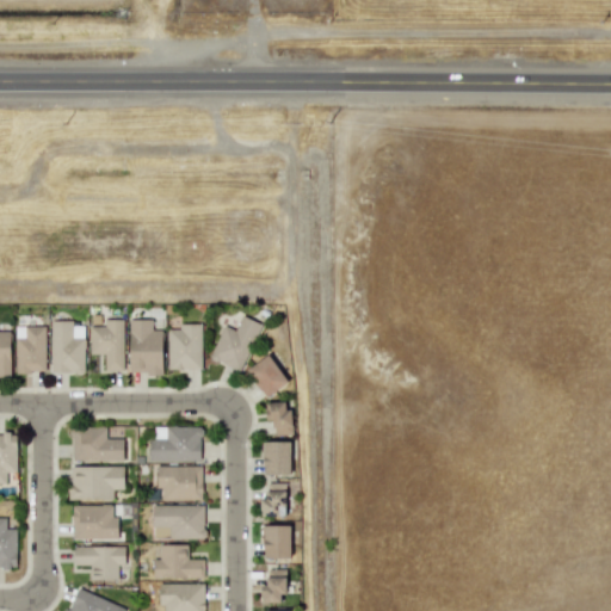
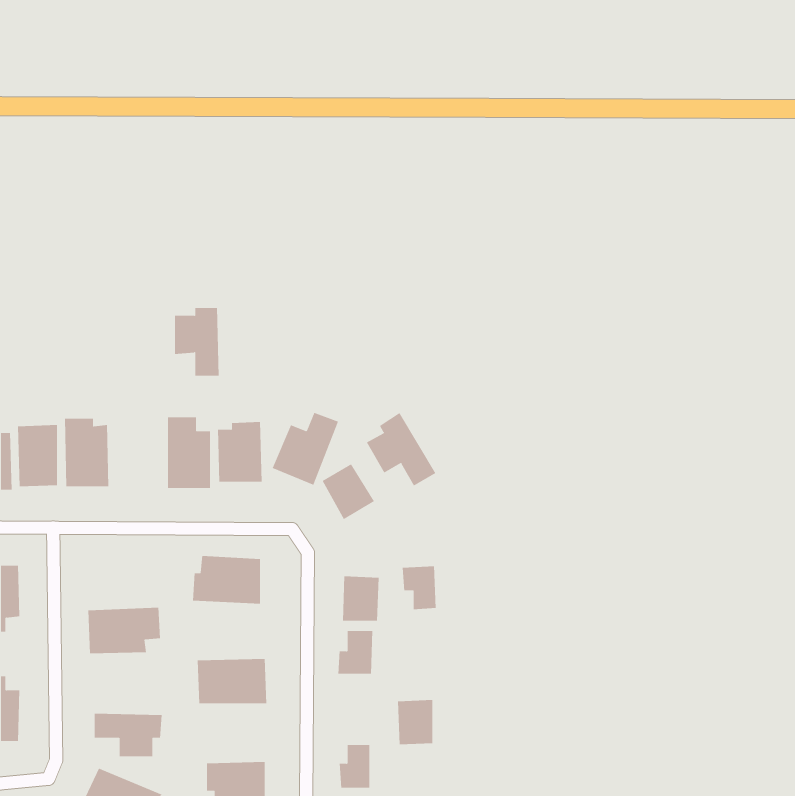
building: none -> [366,412,436,486]
building: [91,320,125,372] -> [174,308,220,376]
building: [266,402,292,436] -> [402,566,436,610]
building: [72,427,124,462] -> none
building: [158,467,203,501] -> none
building: [72,505,119,541] -> none
building: [264,525,291,560] -> [397,700,433,745]
building: [154,545,205,579] -> none

